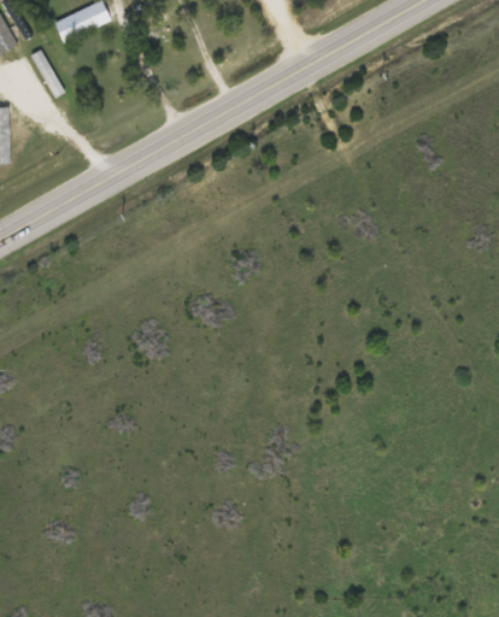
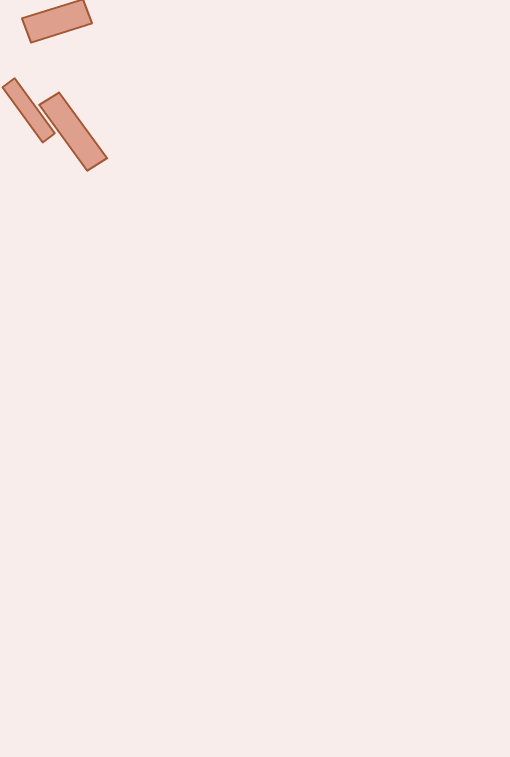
building: none -> [39,92,107,171]

